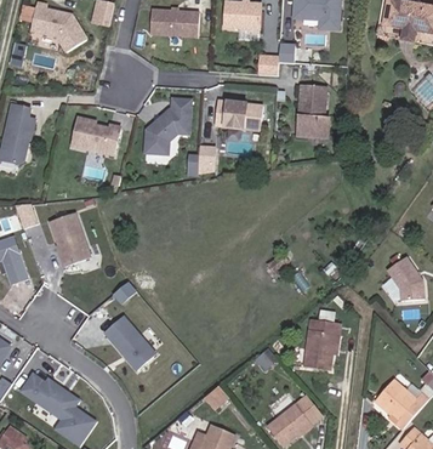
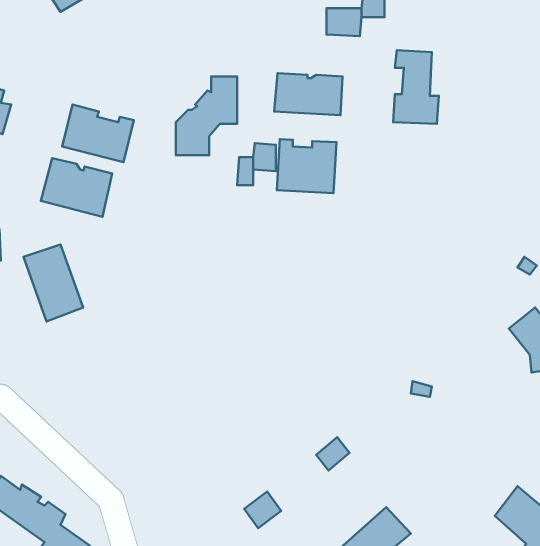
building: none -> [277,139,336,193]
building: none -> [41,158,112,217]
building: [103,316,155,369] -> none
building: [302,318,336,368] -> none

